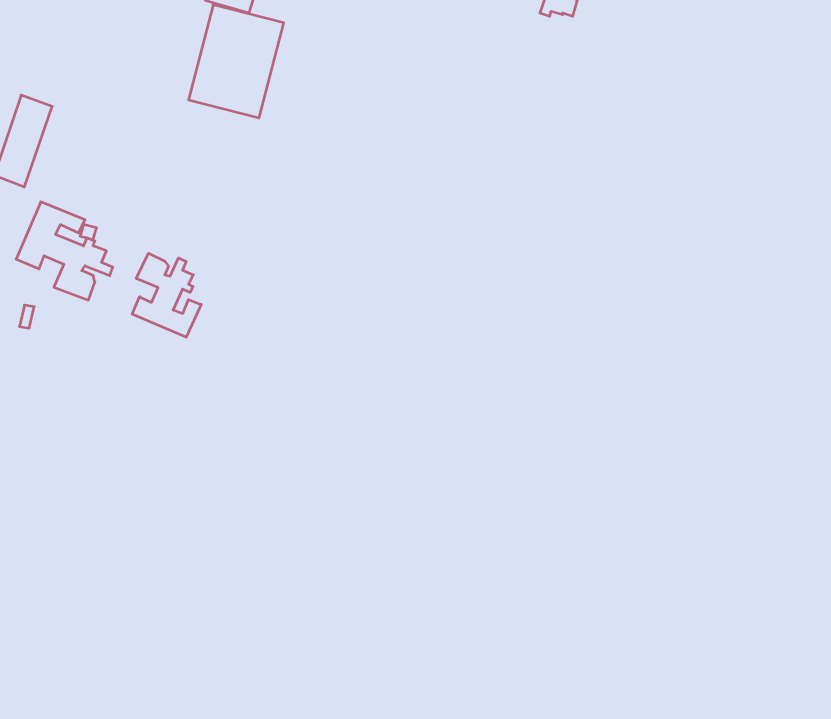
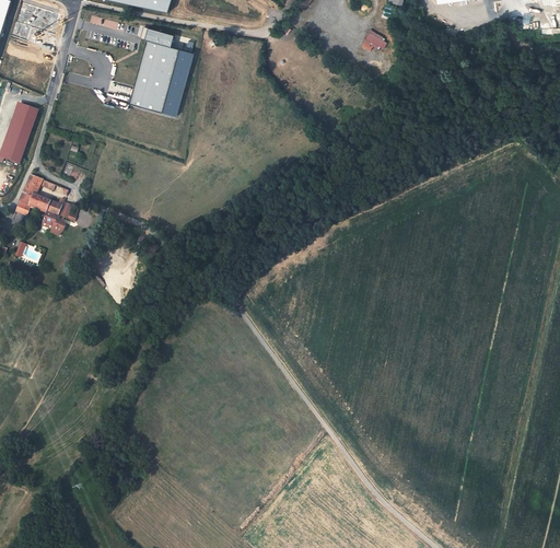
building: [132,253,201,337] -> none

